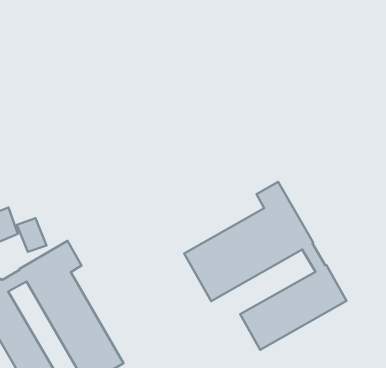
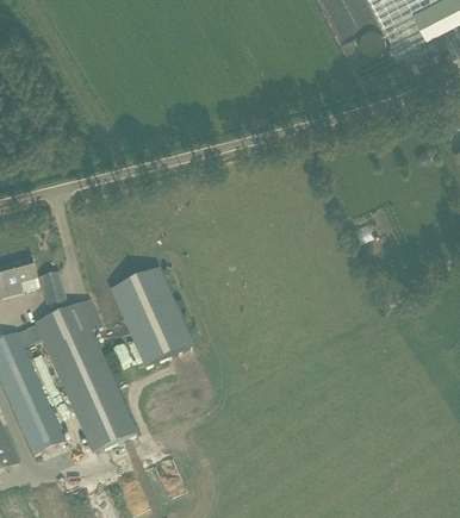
building: [184,182,347,350] -> none
building: none -> [111,267,191,366]

